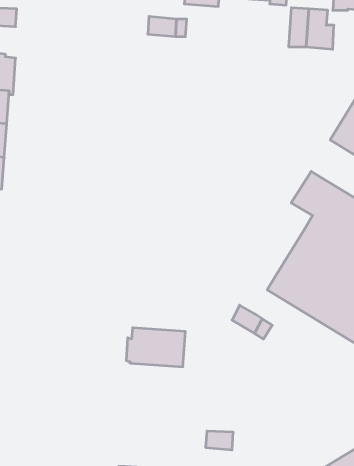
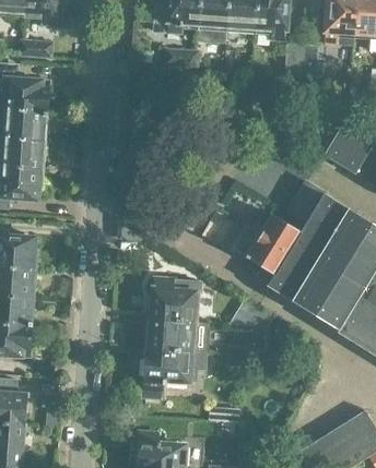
building: none -> [232,213,302,274]
building: none -> [152,278,200,321]
building: none -> [144,348,210,383]

